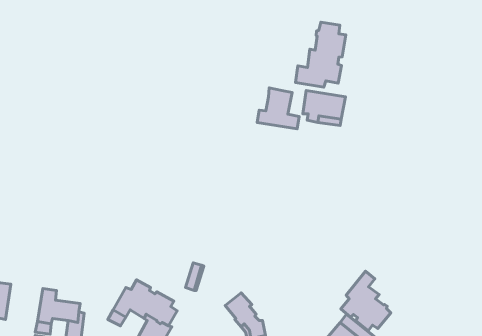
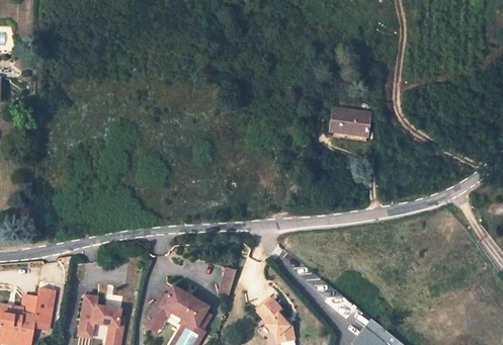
building: [295,22,346,87] -> none
building: [257,88,299,129] -> none
building: [341,271,391,331] -> none

